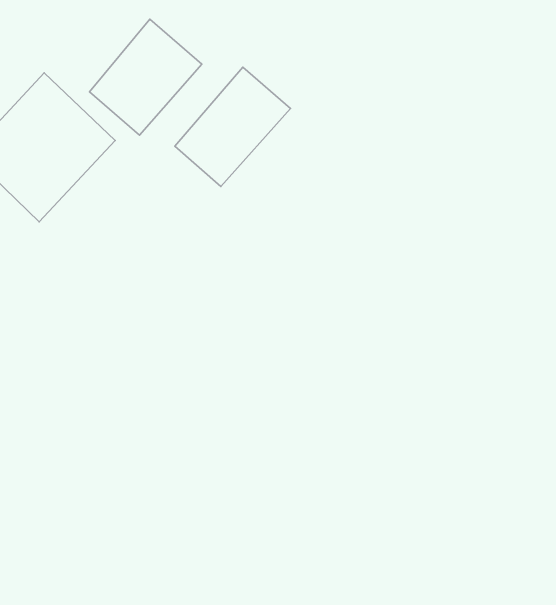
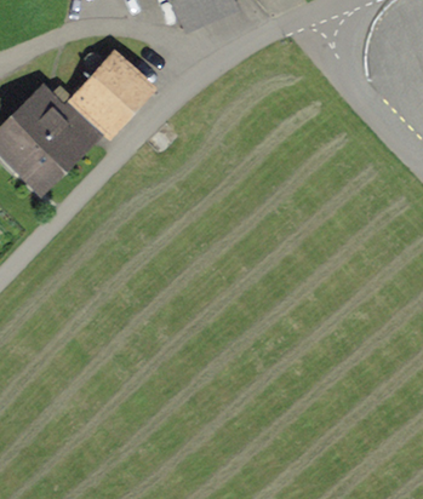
building: [175,67,290,186] -> none

